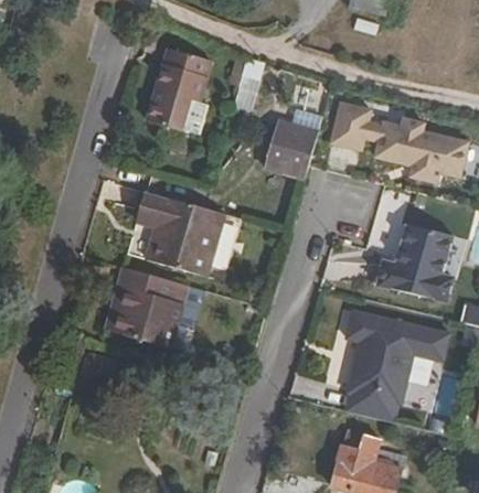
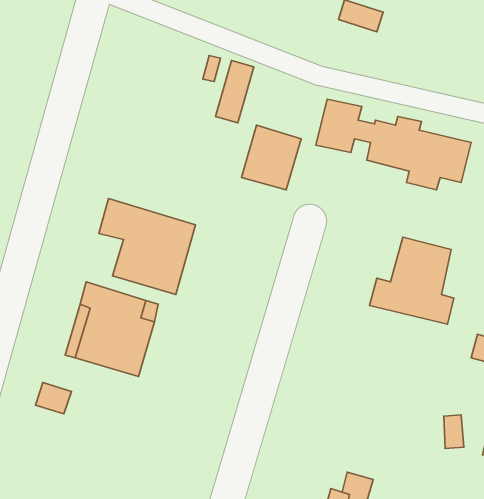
building: [147,45,212,127] -> none
building: [345,320,451,417] -> none

